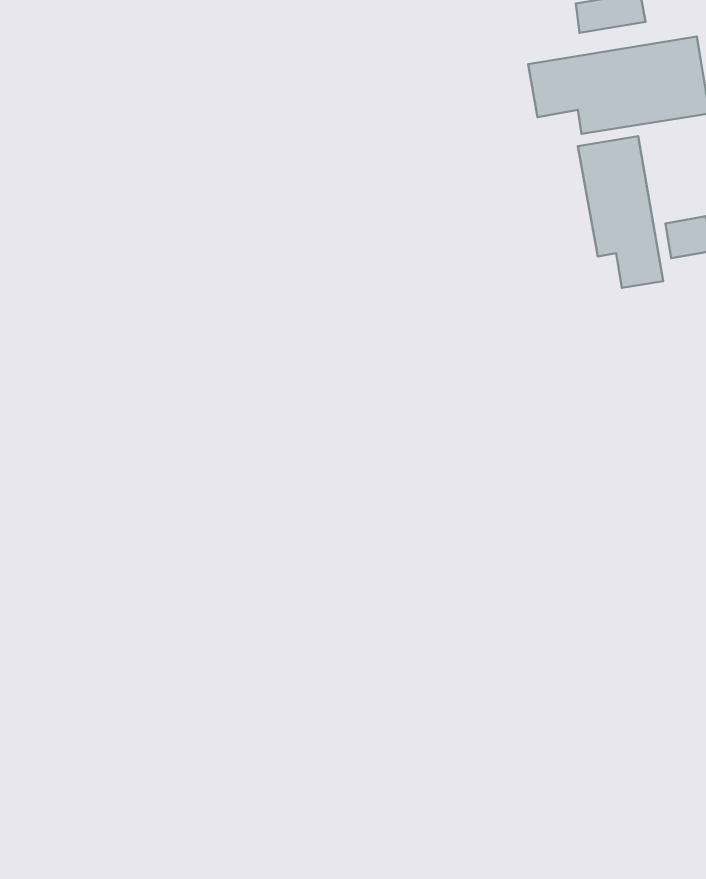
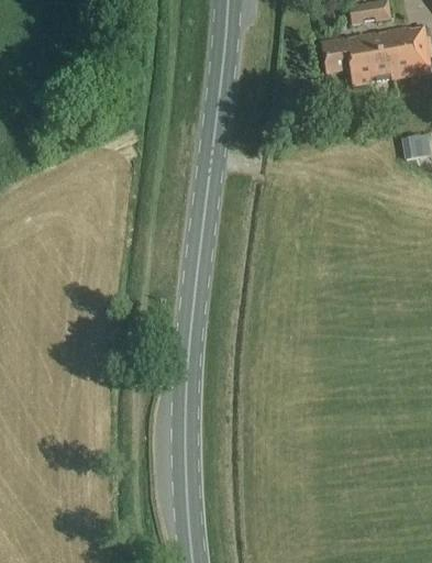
building: [578,136,663,288] -> none

